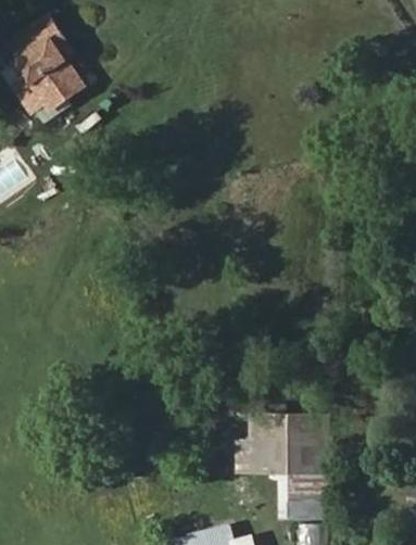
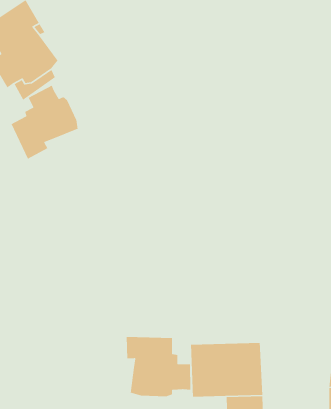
building: none -> [11,84,78,160]
building: none -> [126,336,191,397]

